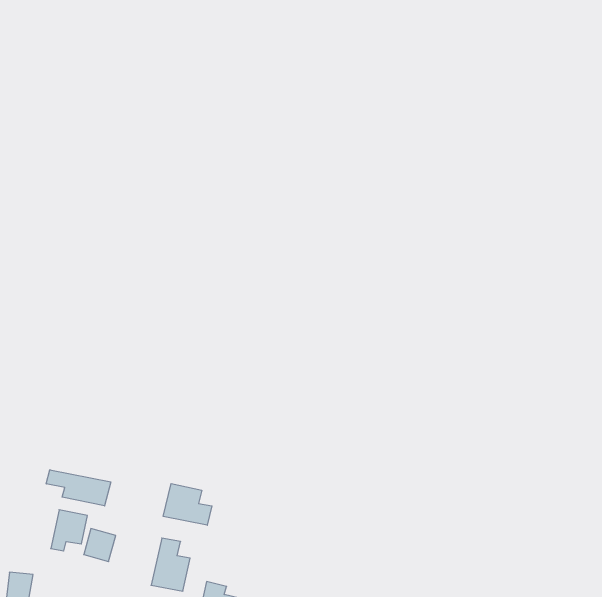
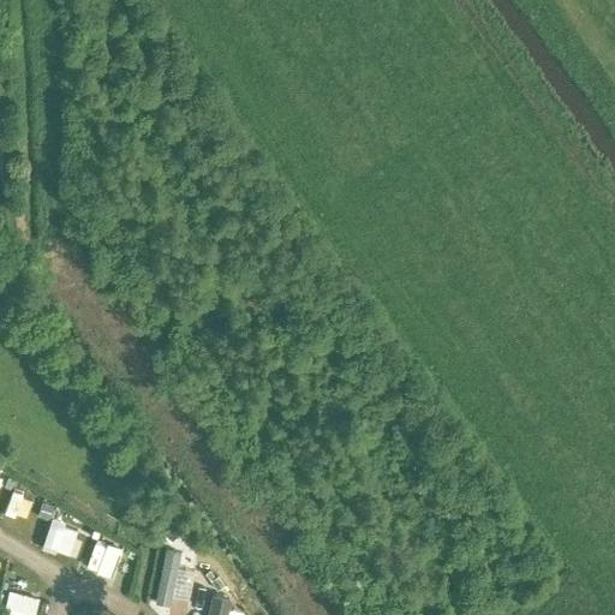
building: [46,470,111,506] -> none
building: [163,484,212,525] -> none

